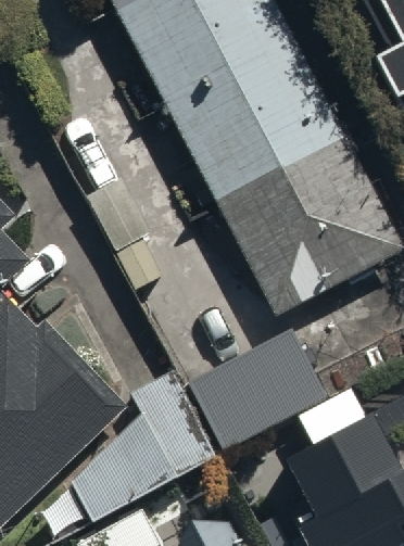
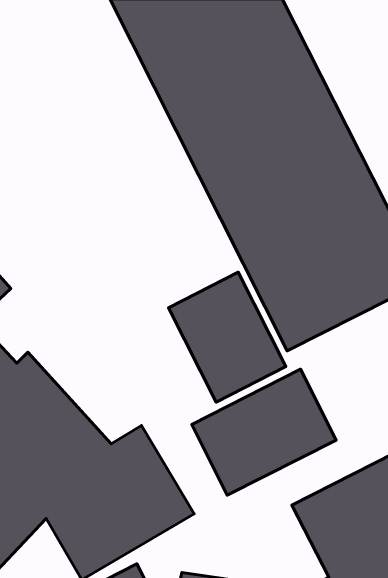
building: none -> [169,272,286,402]

